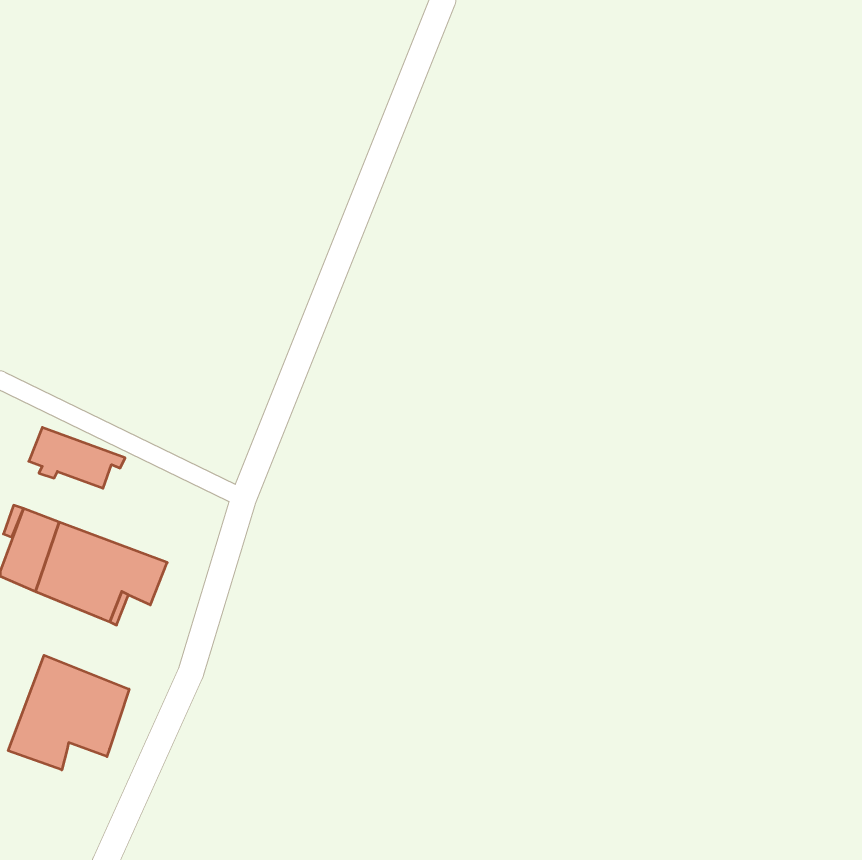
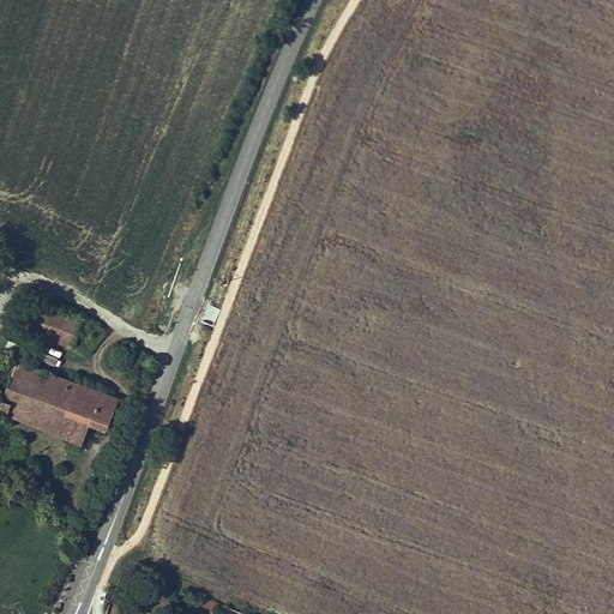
building: [8,655,129,770] -> none

